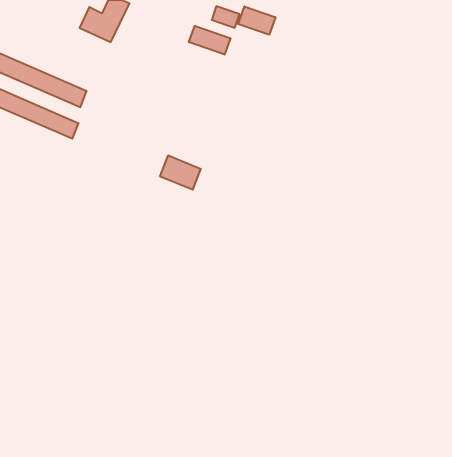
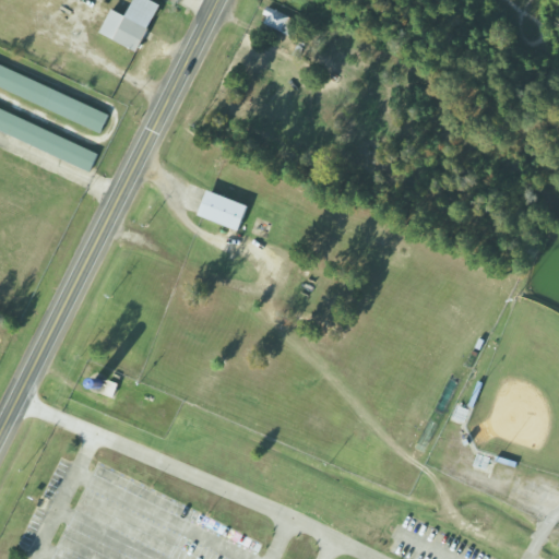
building: [238,6,275,35] -> none
building: [189,26,230,55] -> none

